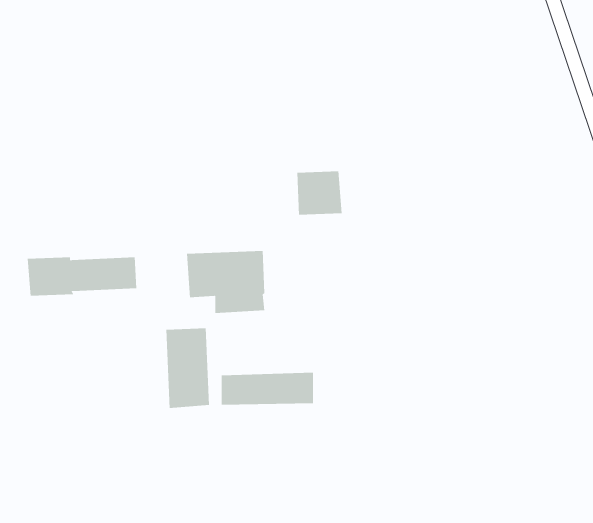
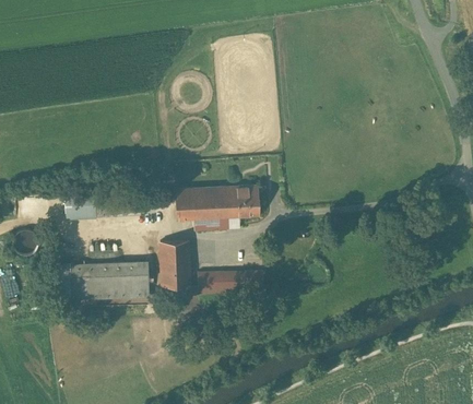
building: [297,171,342,215] -> [227,186,259,216]
building: none -> [51,261,149,301]

